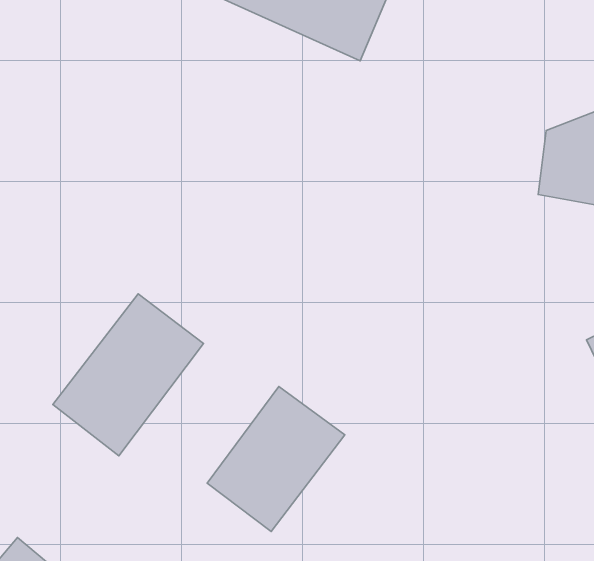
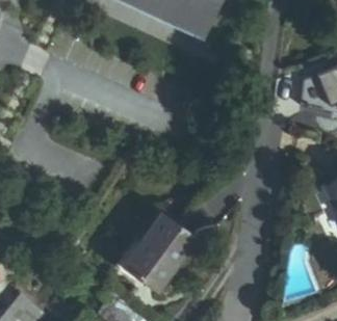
building: [53,294,204,456] -> none

